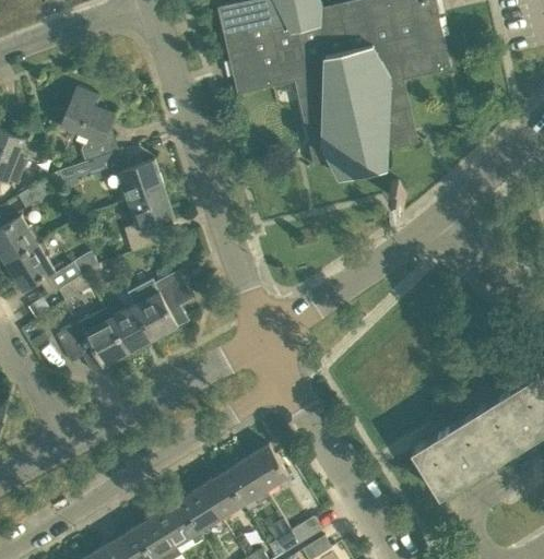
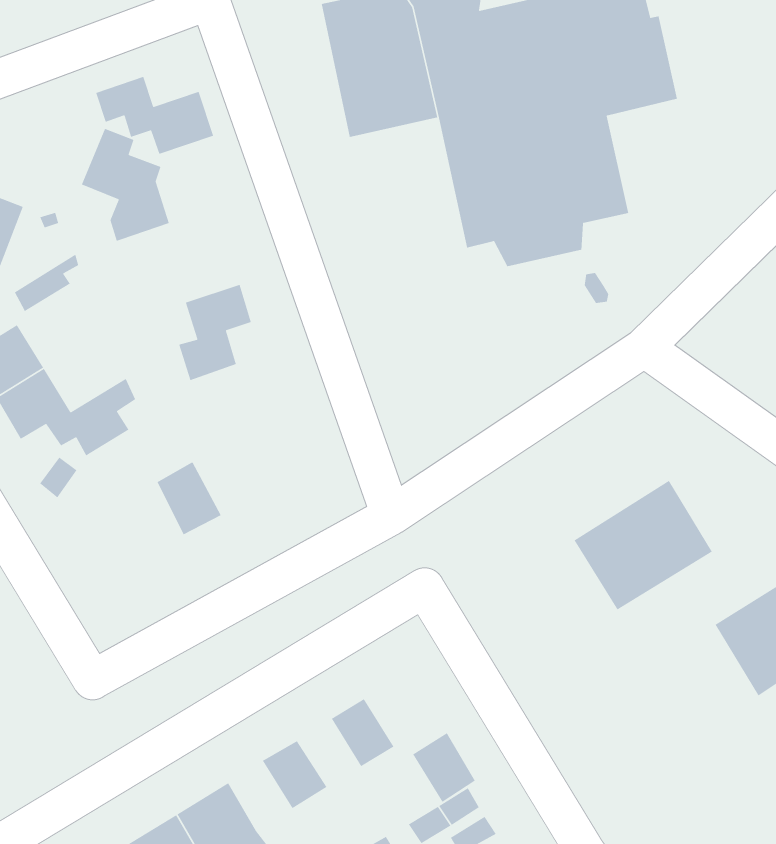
building: [87,150,165,201] -> [95,76,214,155]
building: [127,271,192,340] -> none
building: [56,309,128,371] -> none
building: [412,411,502,496] -> [574,480,713,611]
building: [246,444,287,490] -> [412,732,476,803]
building: [202,472,244,516] -> none
building: [157,499,199,545] -> none

